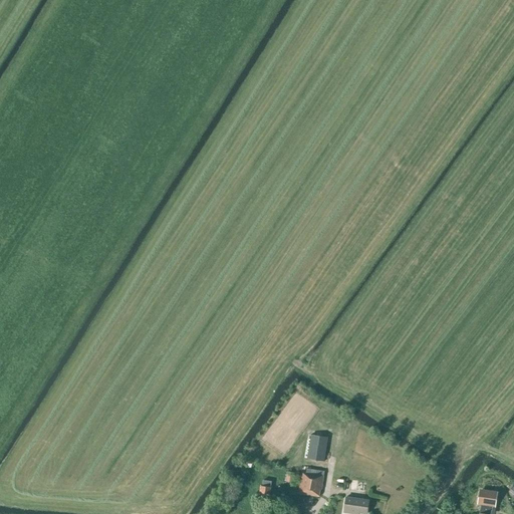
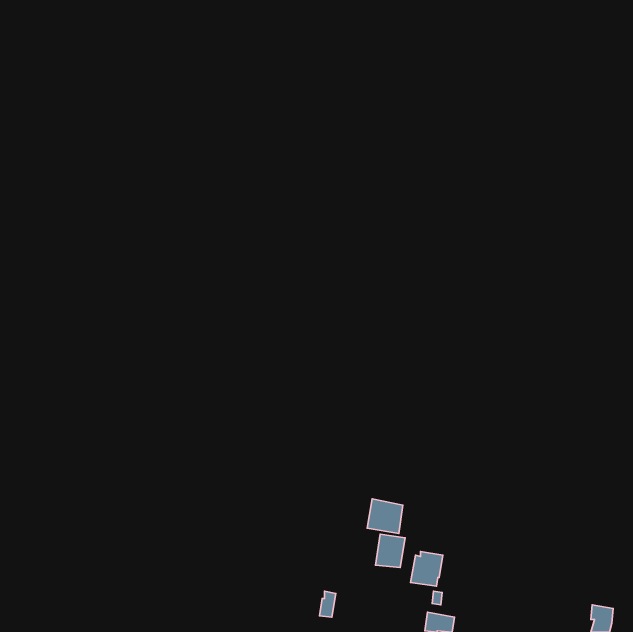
building: none -> [367,499,403,533]
building: [298,468,324,496] -> [411,551,443,586]

